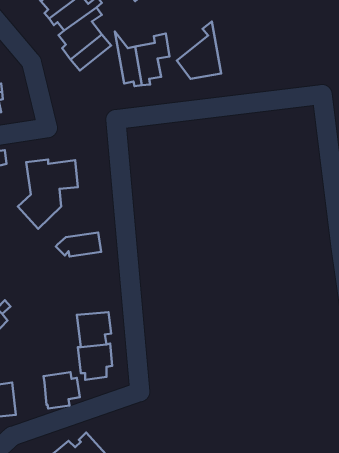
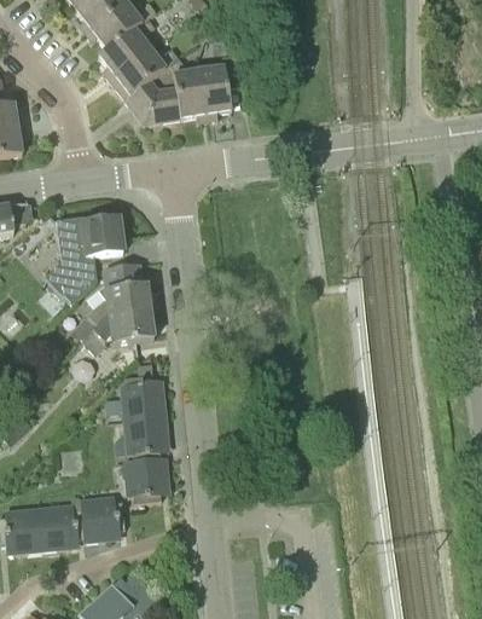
building: [177,22,221,79] -> [126,50,184,125]
building: none -> [72,265,150,340]
building: none -> [120,375,163,420]
building: none -> [37,503,82,550]

